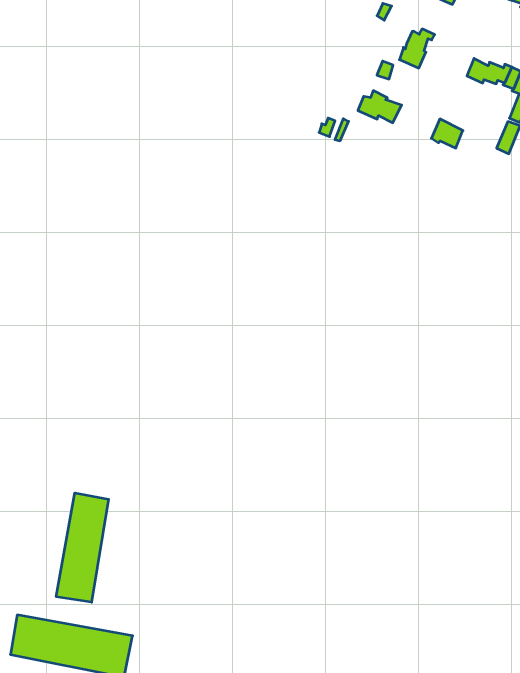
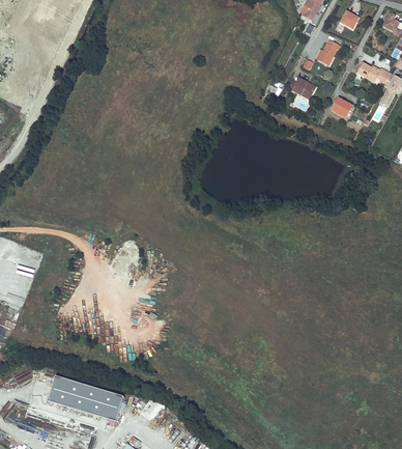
building: [56,493,109,602] -> none

